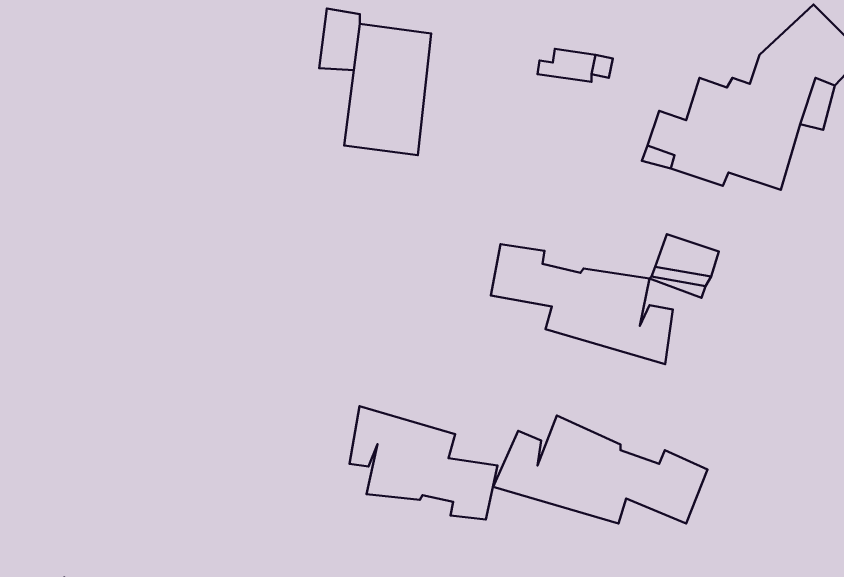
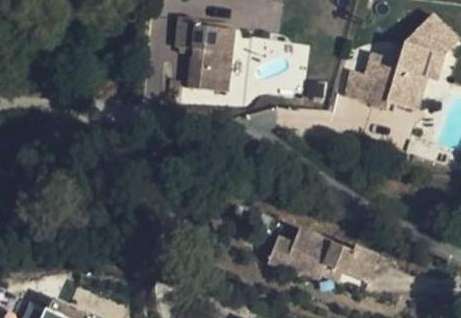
building: [491,244,673,364] -> none
building: [349,406,498,519] -> none

